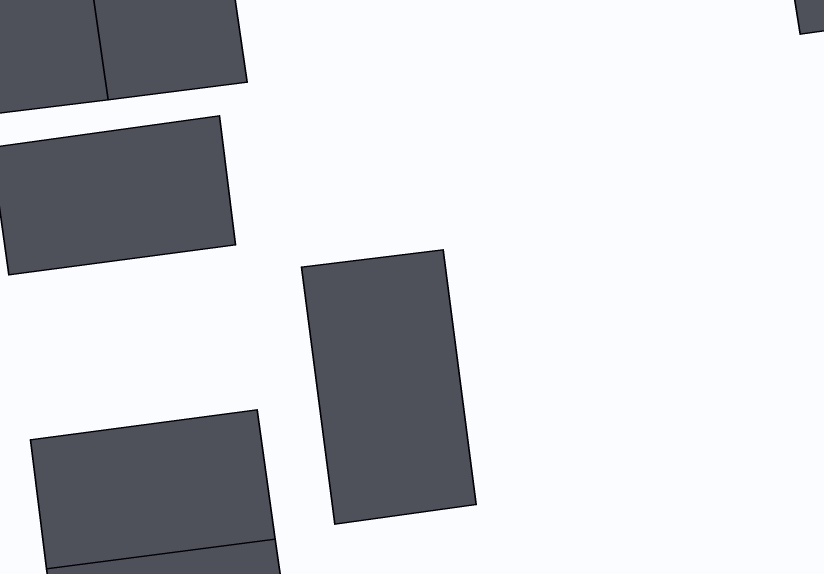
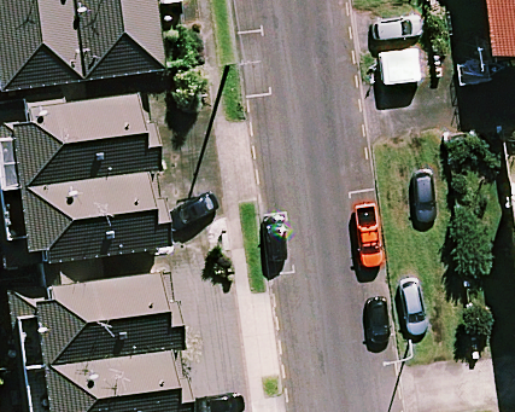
building: none -> [16,174,164,268]
building: [301,250,476,524] -> none

